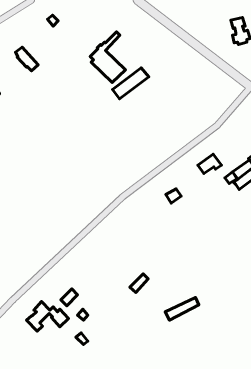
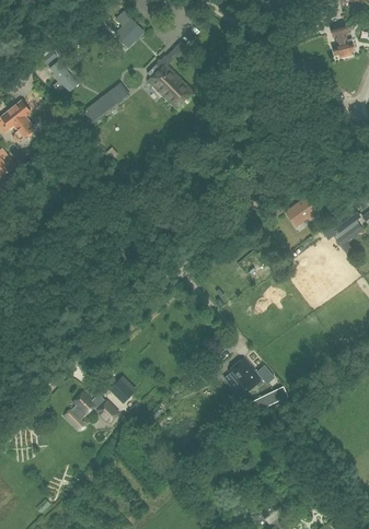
building: none -> [114,17,145,48]
building: [113,68,149,99] -> [83,83,130,124]
building: none -> [229,358,274,391]

